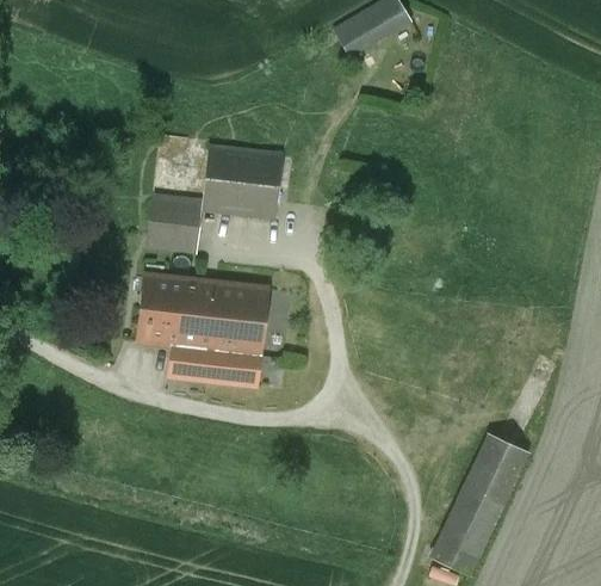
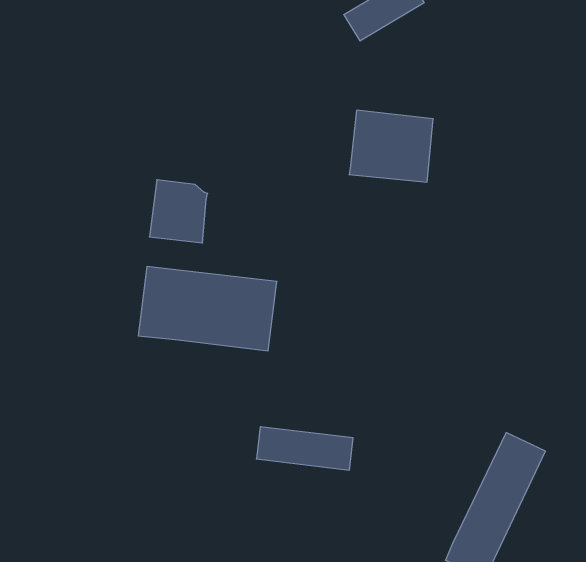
building: [202,147,283,216] -> [349,110,433,182]
building: [168,344,261,385] -> [256,427,353,470]

